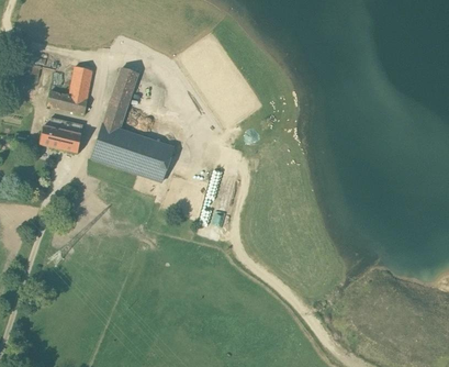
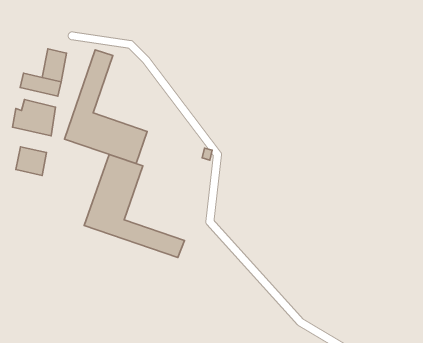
building: none -> [16,147,46,175]
building: none -> [84,154,184,258]

